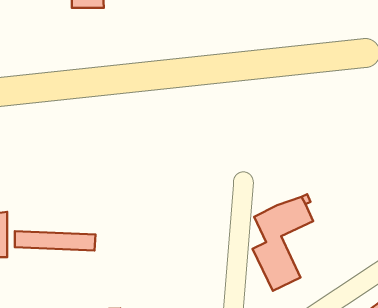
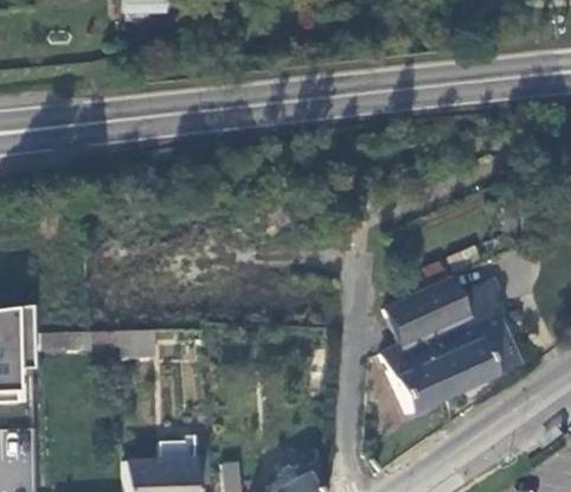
building: none -> [422,290,519,396]

